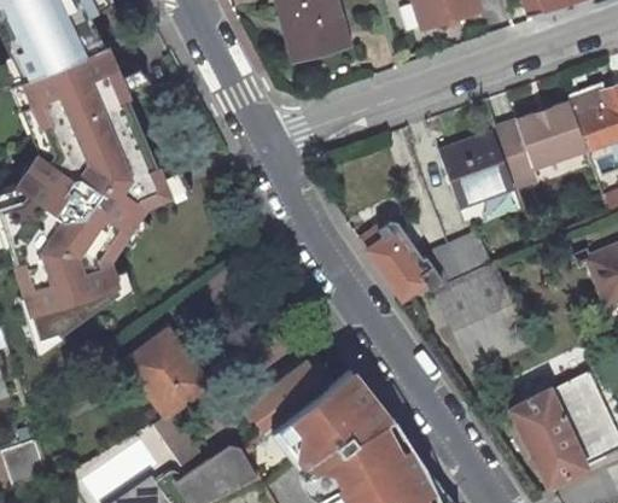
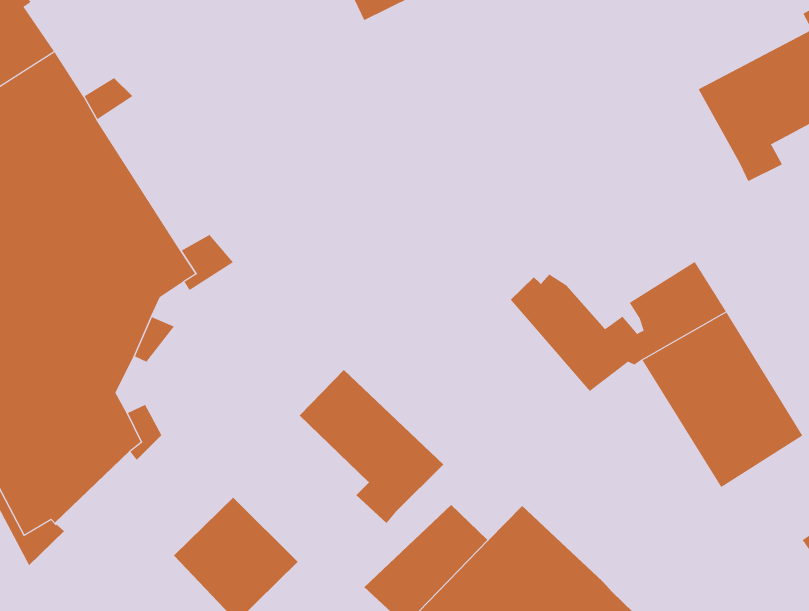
building: [442,135,513,210] -> none
building: none -> [299,369,444,524]

